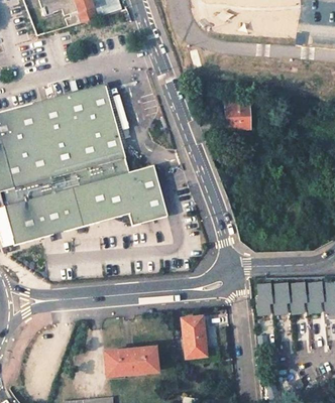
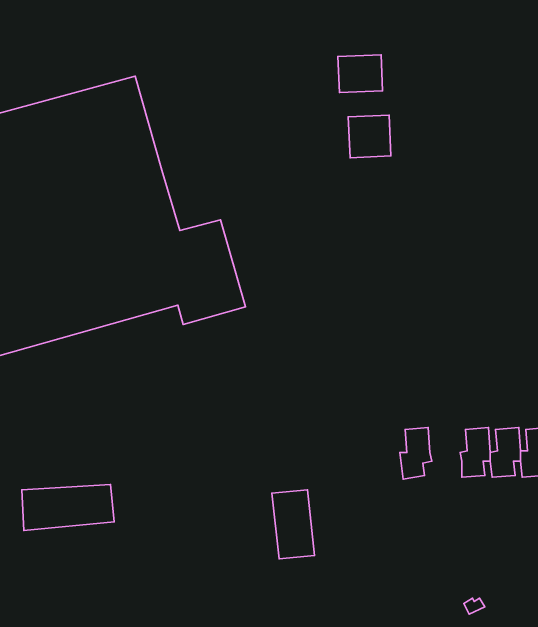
building: none -> [338,55,383,93]
building: [271,282,290,310] -> none
building: [105,349,157,375] -> [22,484,114,531]

